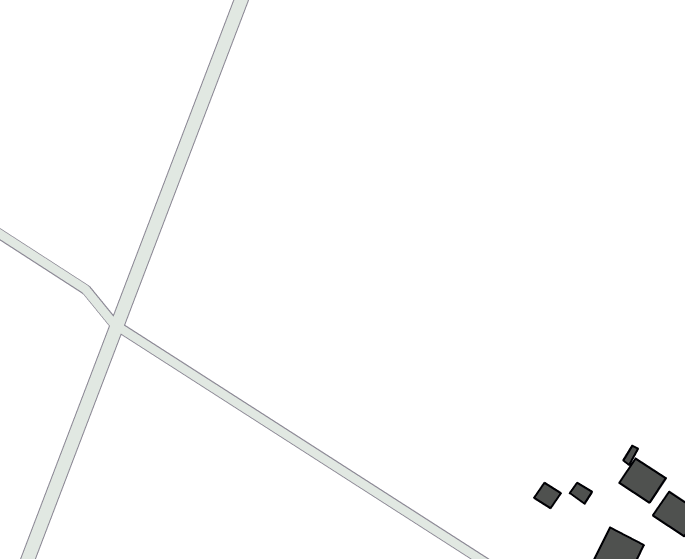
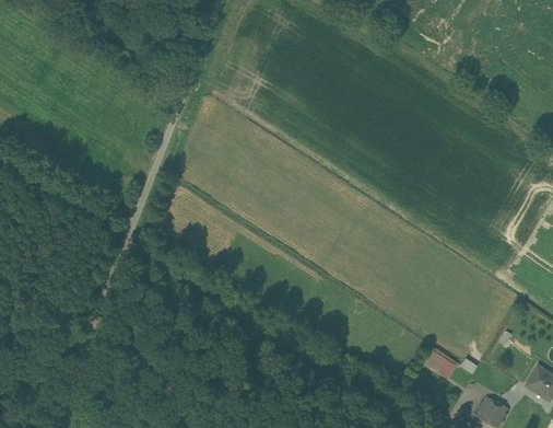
building: [619,458,666,503] -> none

